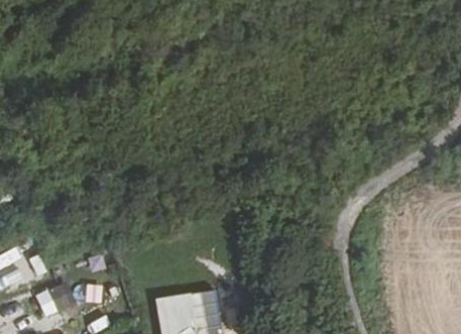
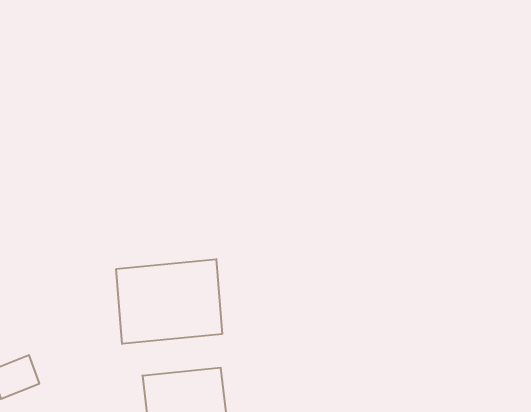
building: none -> [116,259,222,344]

